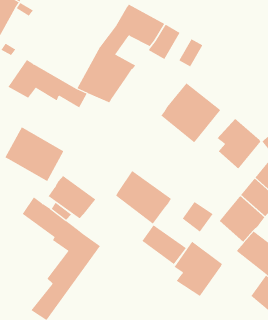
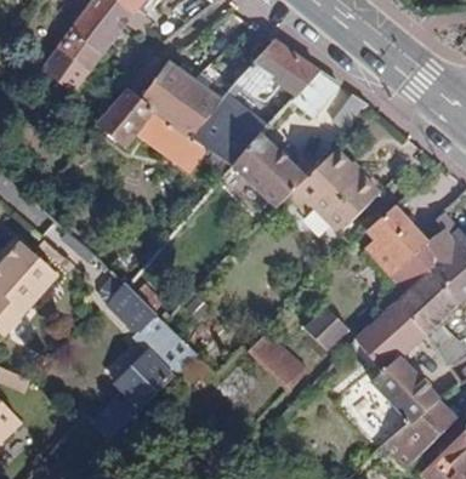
building: [4,127,64,182] -> [140,61,220,138]
building: [115,170,172,224] -> [233,133,307,209]
building: [48,175,96,219] -> none
building: [174,241,223,297] -> none

